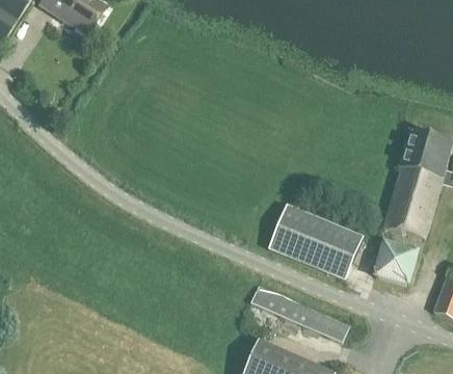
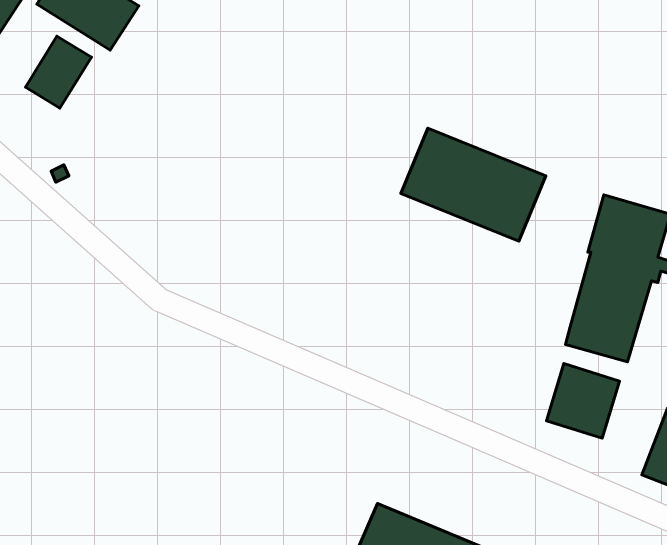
building: none -> [25,36,92,108]
building: [268,207,363,280] -> [401,128,546,241]
building: [250,286,348,341] -> none

